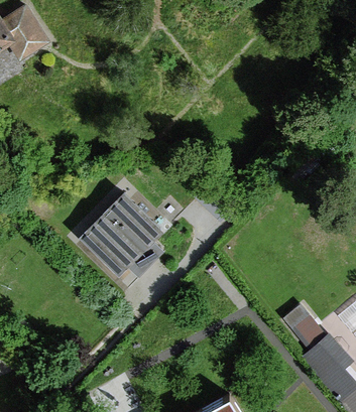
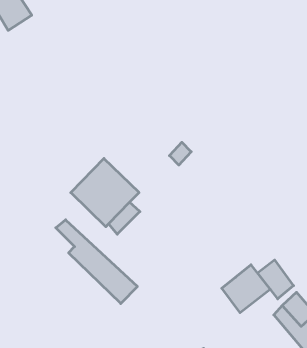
building: none -> [56,220,137,304]
building: none -> [222,265,270,313]

